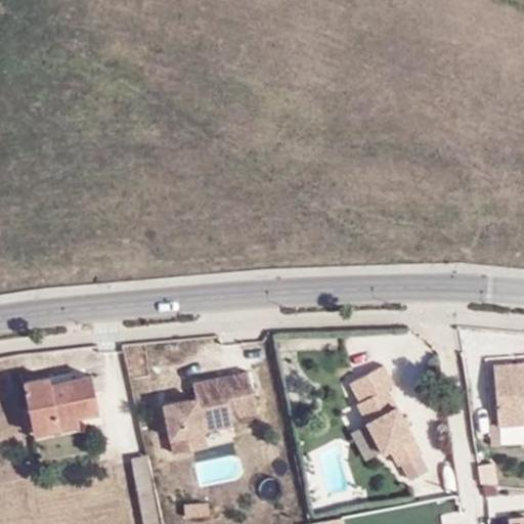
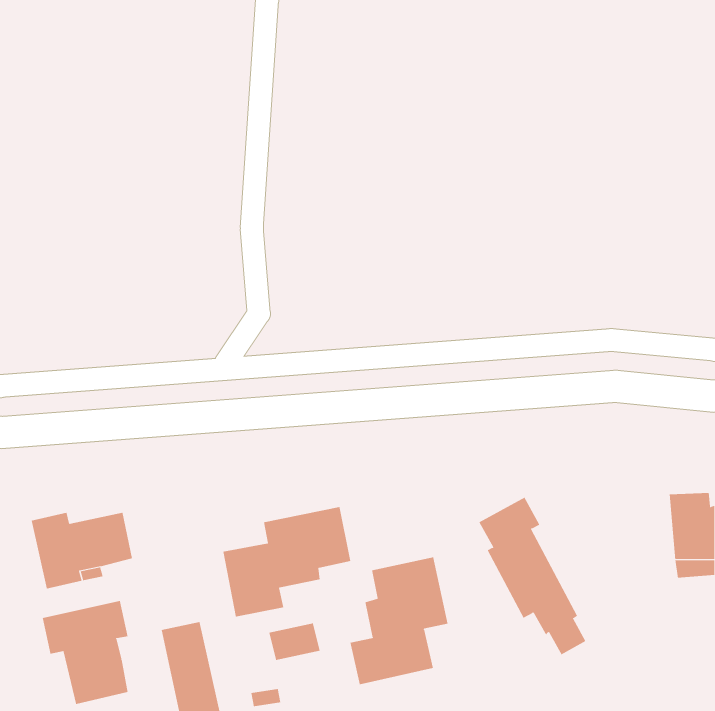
building: none -> [350,557,448,685]
building: none -> [42,600,128,705]

